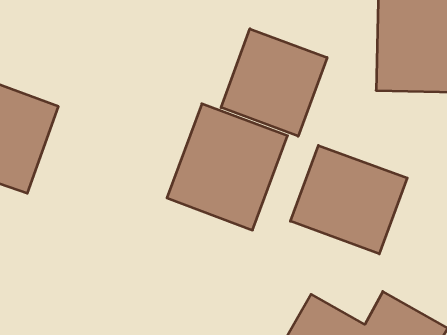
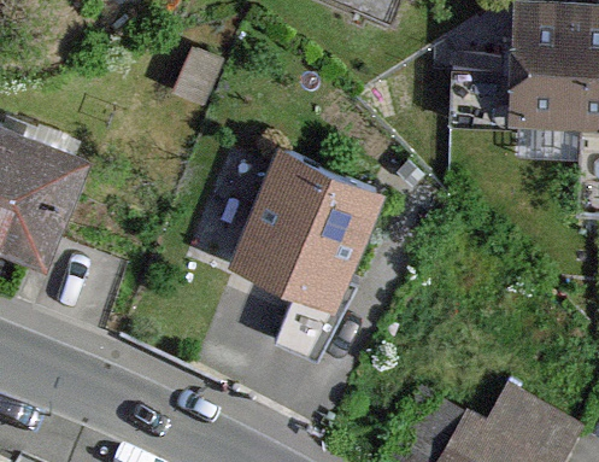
building: [221,29,327,136] -> none
building: [290,145,407,254] -> none

